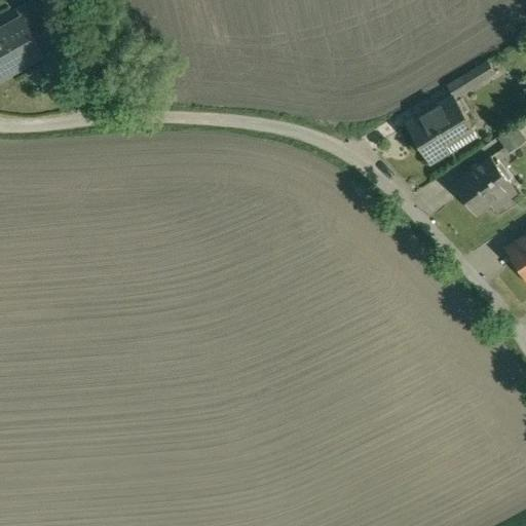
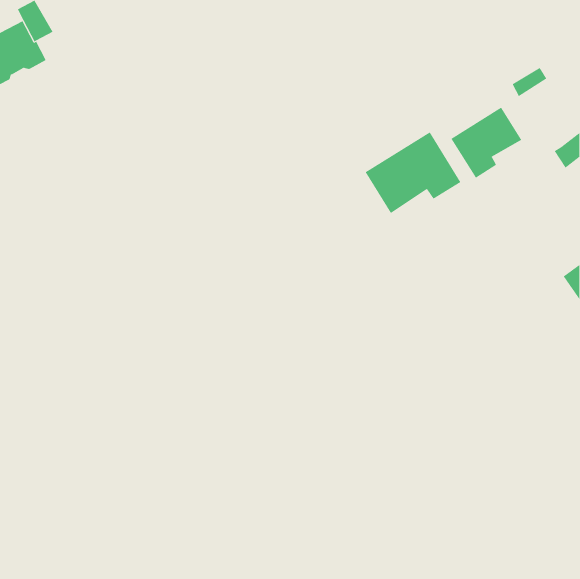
building: none -> [365,132,461,214]
building: [455,159,516,216] -> none

